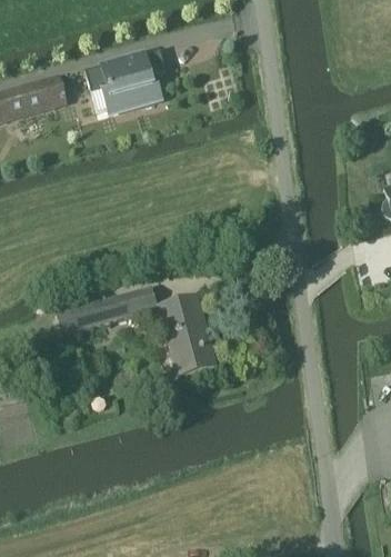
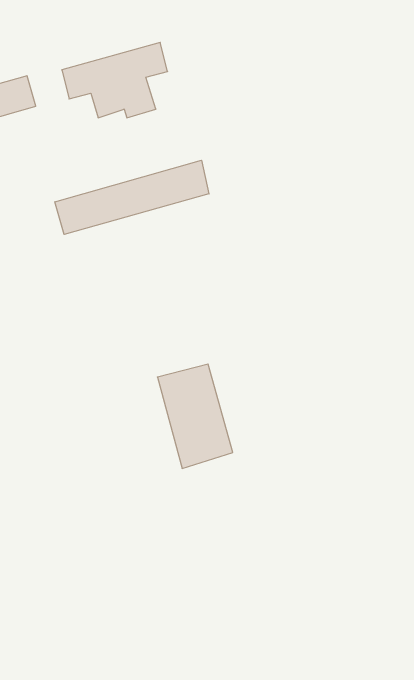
building: none -> [55,160,209,234]
building: [58,285,156,331] -> none

